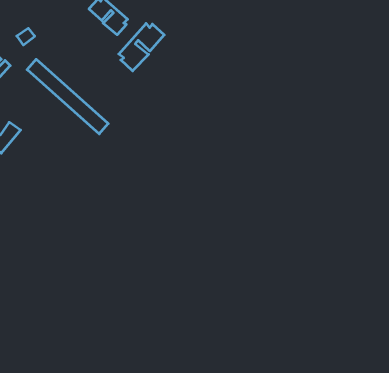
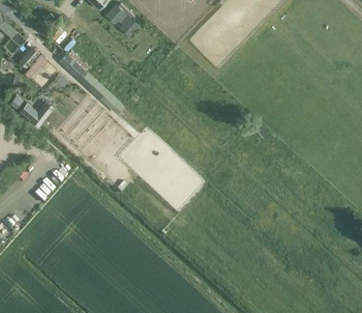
building: [119,23,164,71] -> none

